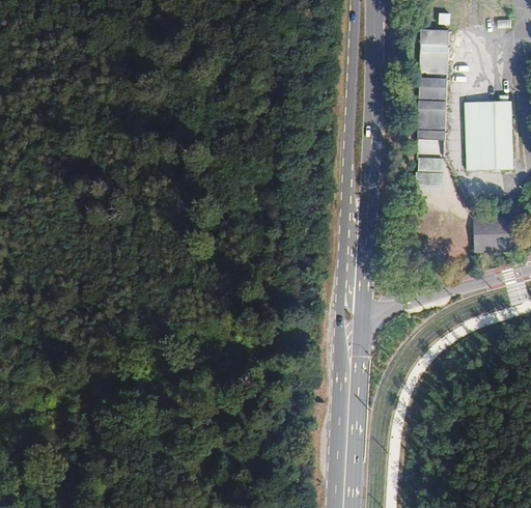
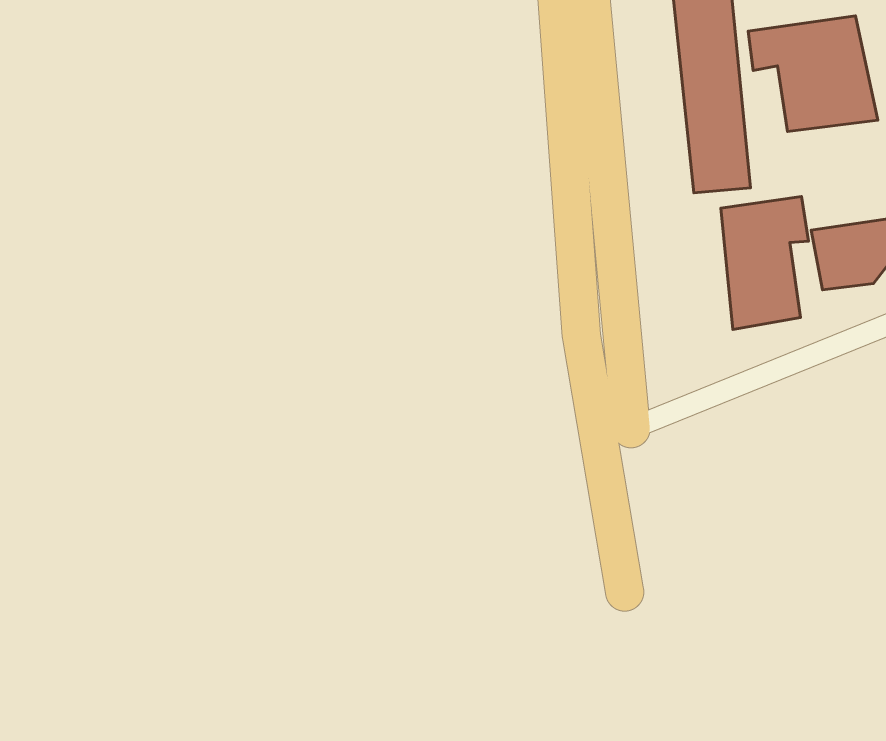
building: none -> [721,196,809,329]

